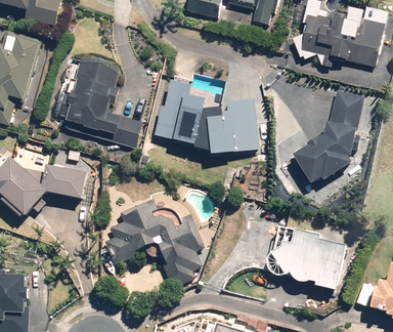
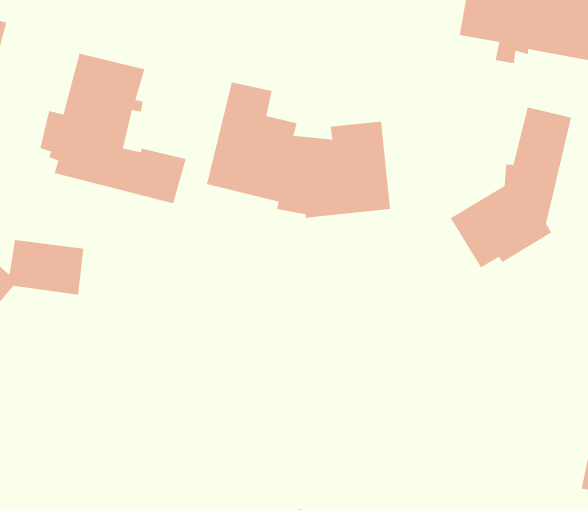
building: [105,199,203,287] -> none
building: [267,230,343,289] -> none

